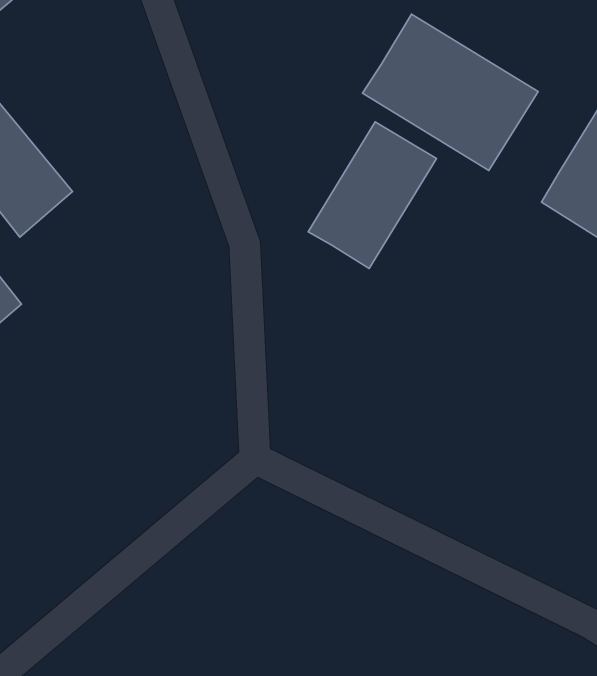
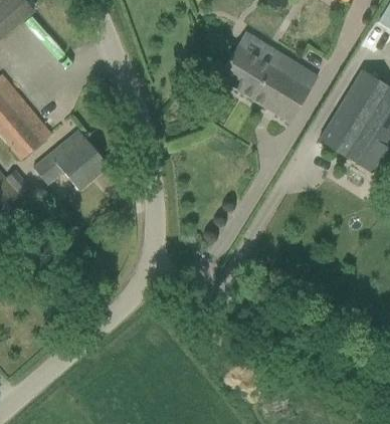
building: [308,122,436,268] -> none
building: none -> [33,134,108,189]

